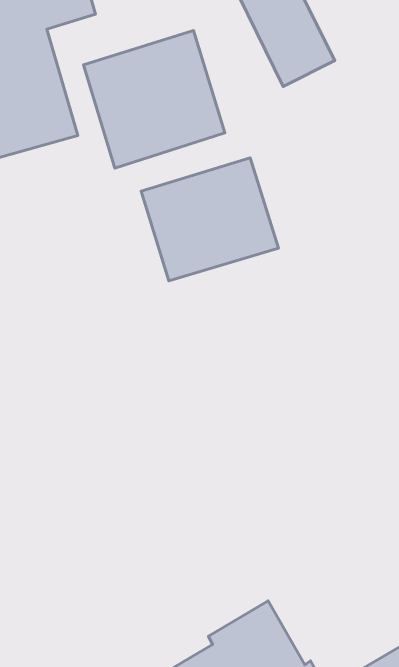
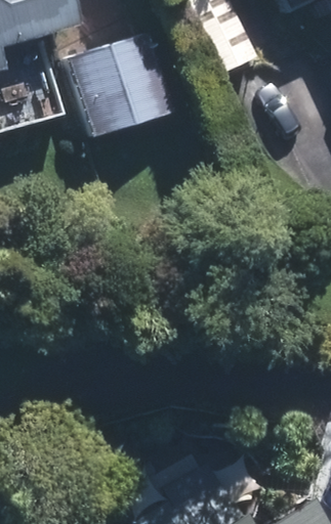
building: [141,158,278,281] -> none

